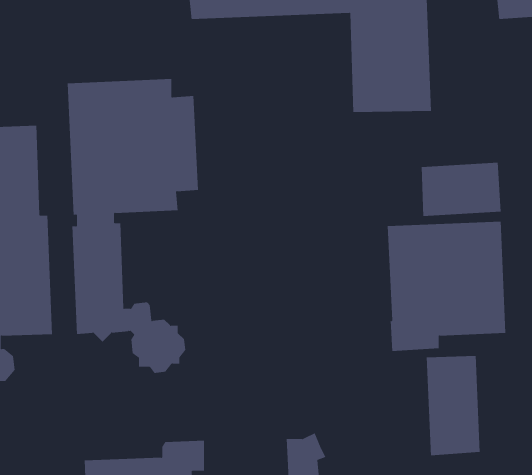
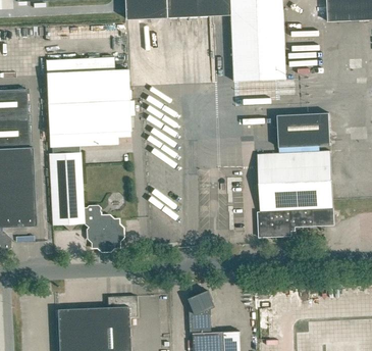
building: [426,355,480,456] -> none

